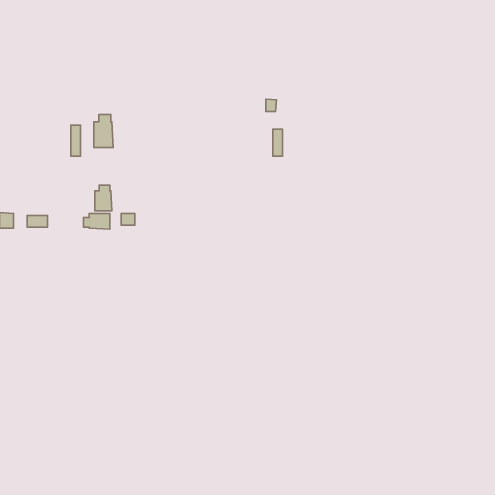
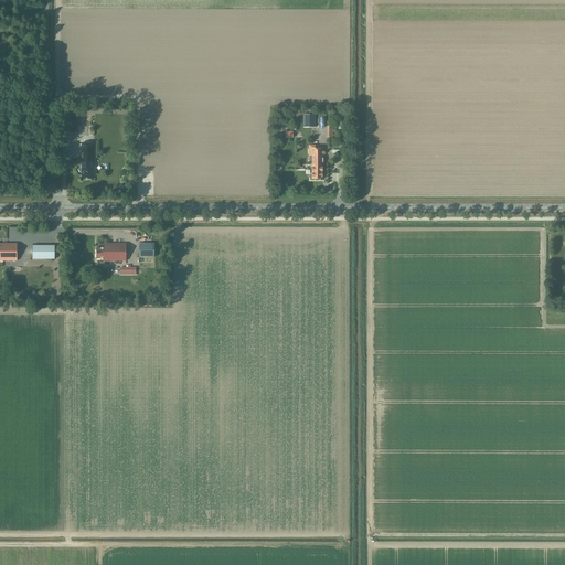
building: [94,114,113,148] -> none
building: [95,185,112,211] -> none

